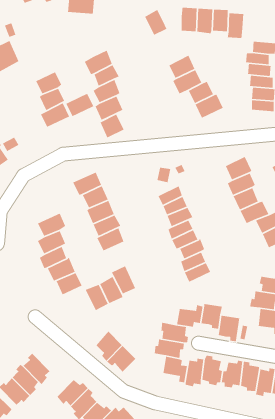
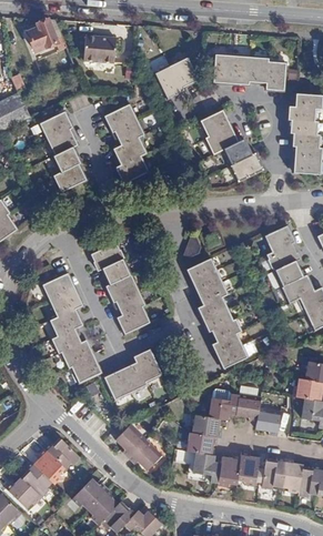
building: none -> [154,65,183,99]
building: [65,93,94,117] -> [39,111,72,139]
building: [99,114,125,138] -> none
building: none -> [42,272,75,301]
building: none -> [43,437,79,469]

